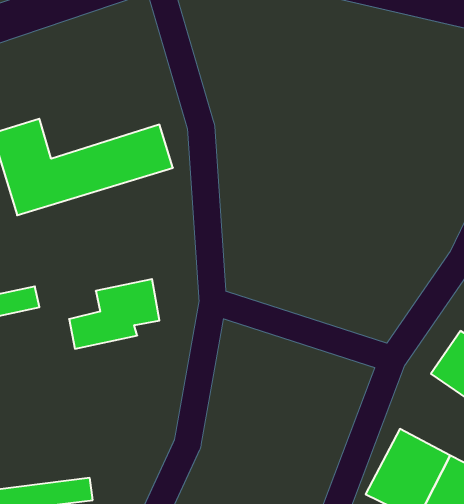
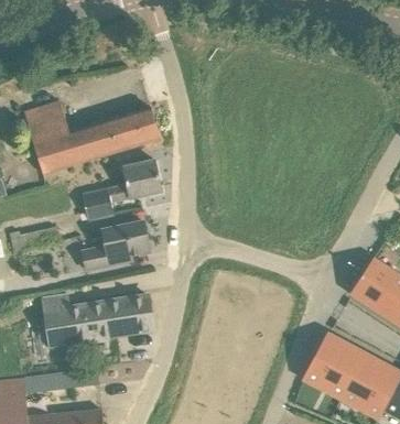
building: none -> [82,160,161,220]
building: none -> [41,293,153,344]

